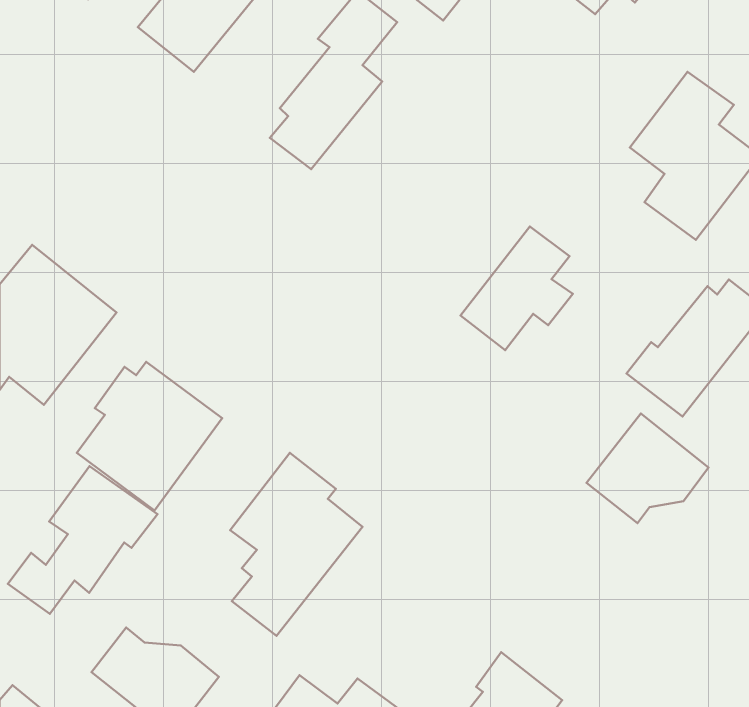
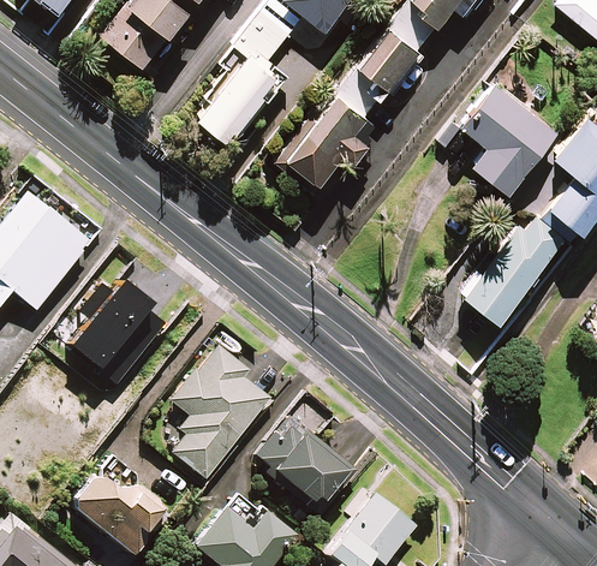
building: none -> [362,28,422,100]
building: [461,226,573,350] -> [288,93,370,183]
building: [587,414,709,523] -> none
building: [8,466,158,614] -> none
building: none -> [263,423,356,512]

